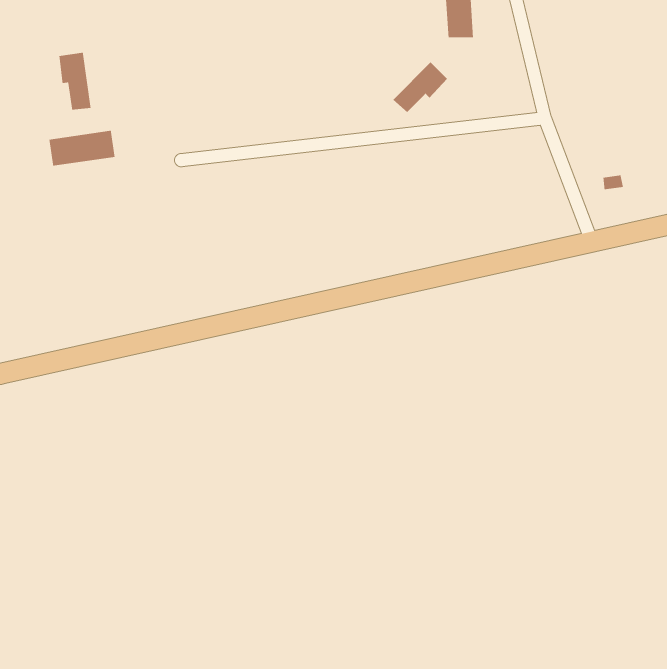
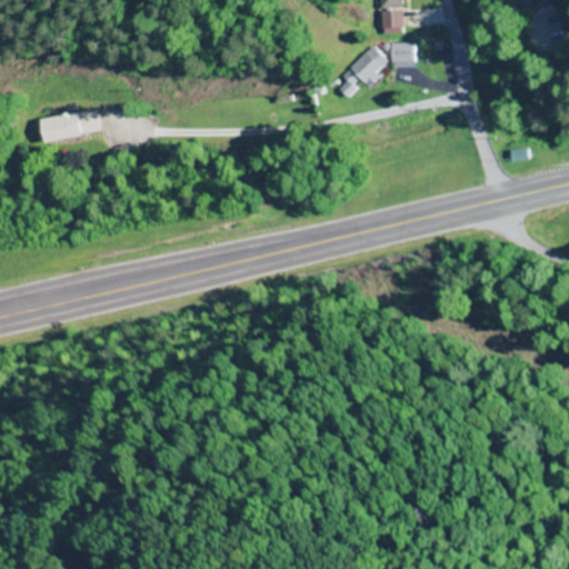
building: none -> [391,42,416,62]
building: [59,52,92,110] -> none

